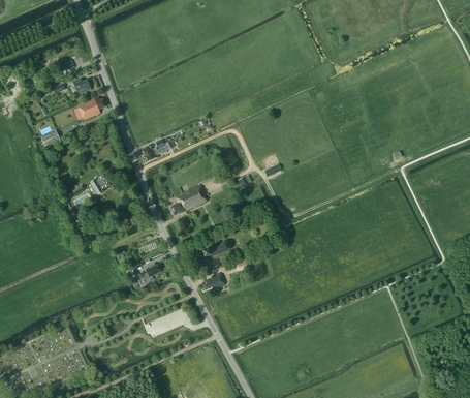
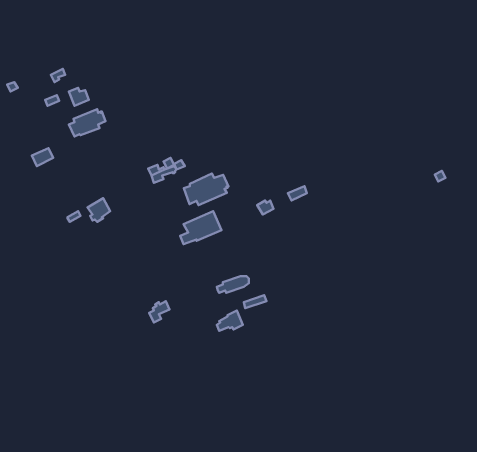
building: none -> [184,174,229,205]

